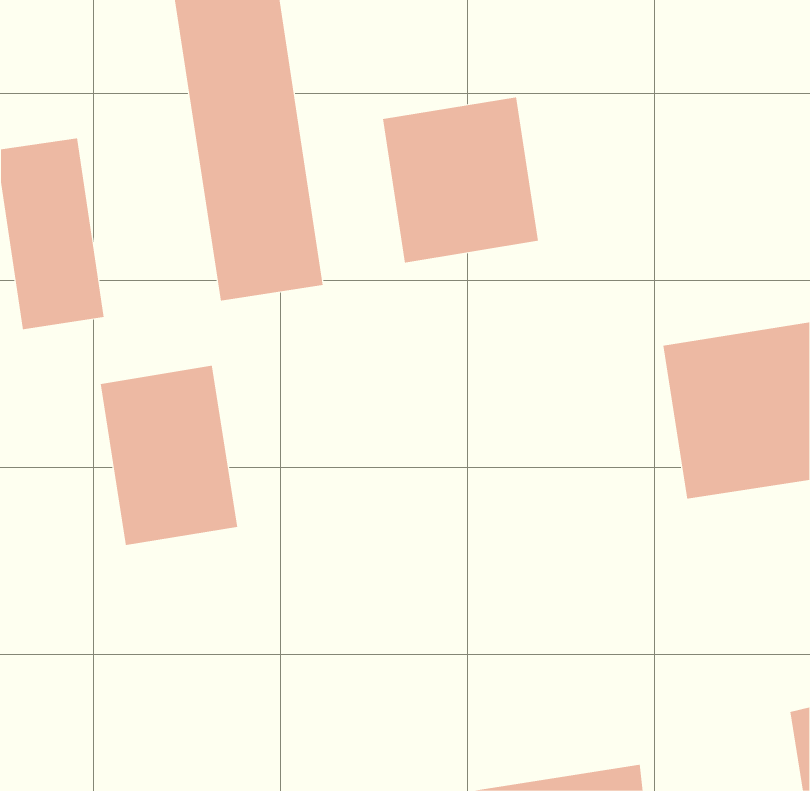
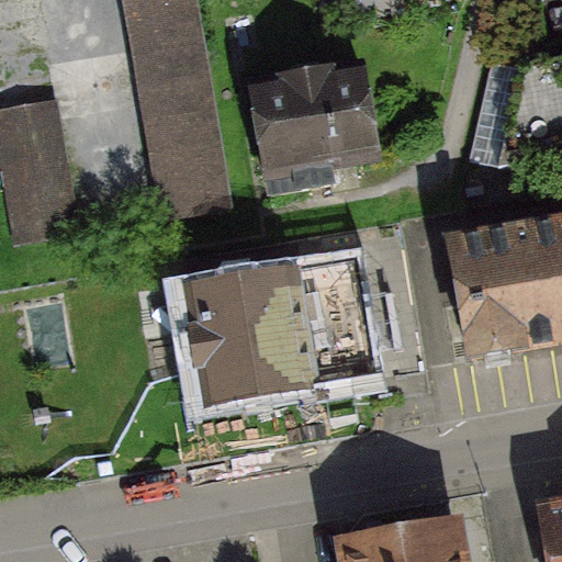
building: none -> [173,251,379,395]
building: [100,365,238,546] -> none

